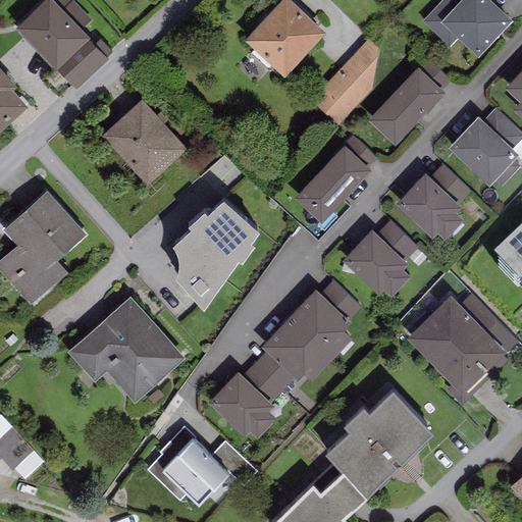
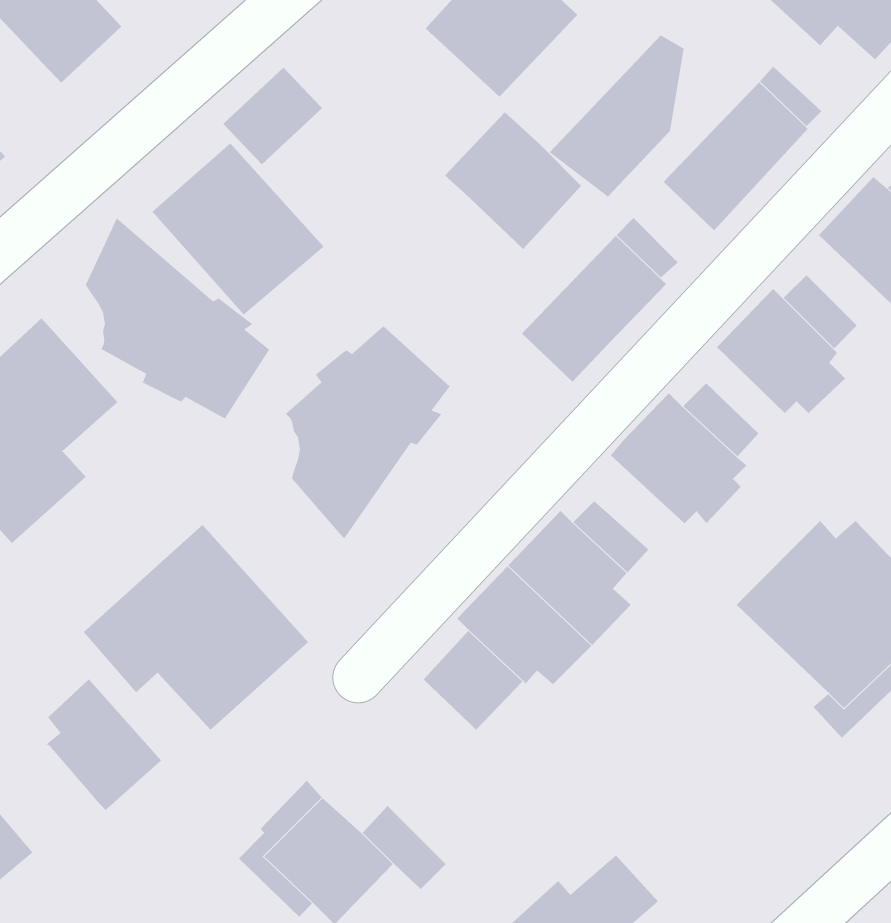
building: [56,38,108,89] -> [222,67,323,165]
building: none -> [444,111,582,250]
building: none -> [85,217,270,420]
building: [208,370,275,436] -> none
building: none -> [45,679,162,811]
building: [325,386,432,491] -> none

